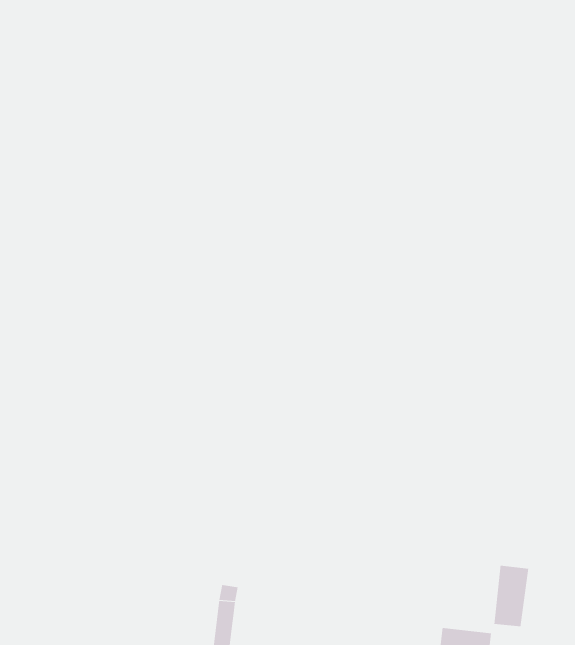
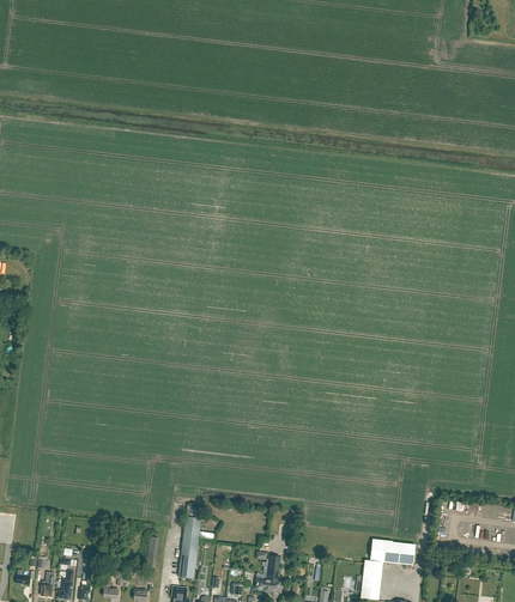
building: [494,565,529,627] -> none

